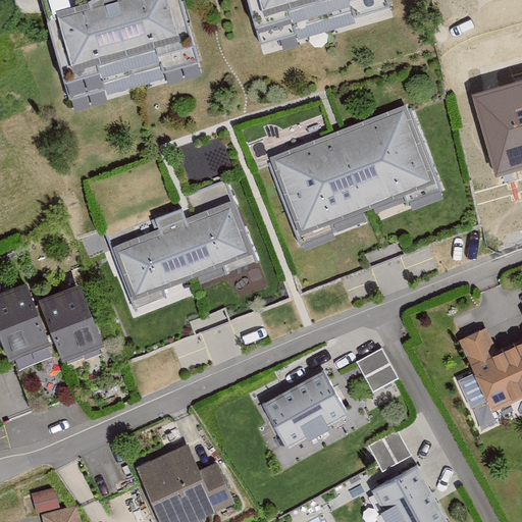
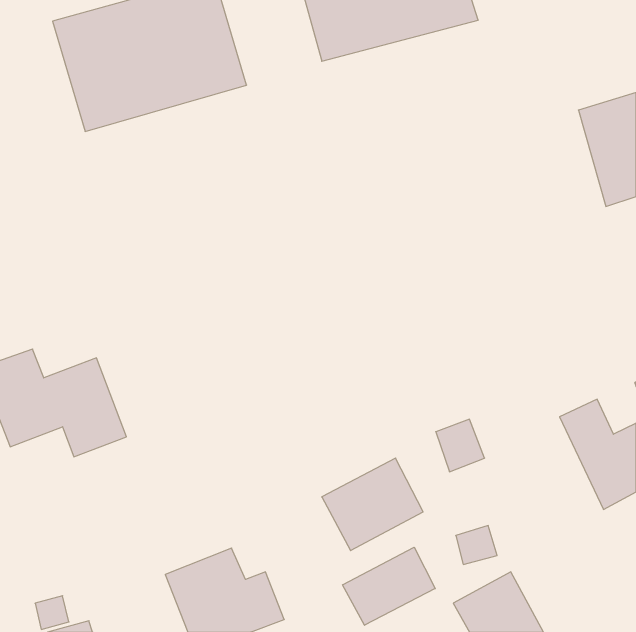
building: [268,103,443,248] -> none
building: [109,179,259,312] -> none
building: none -> [343,547,435,625]

